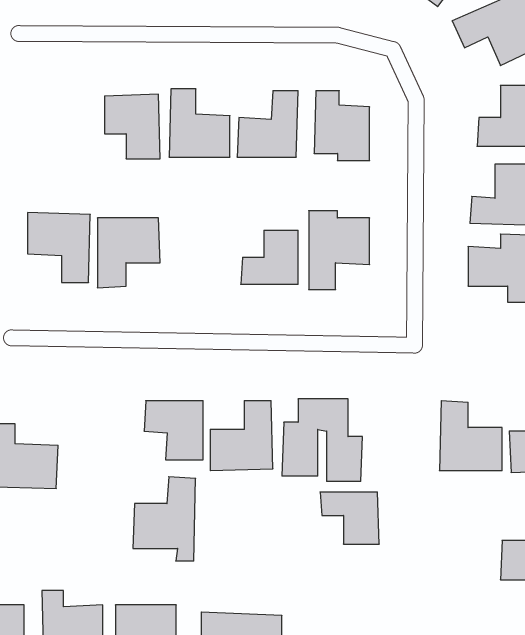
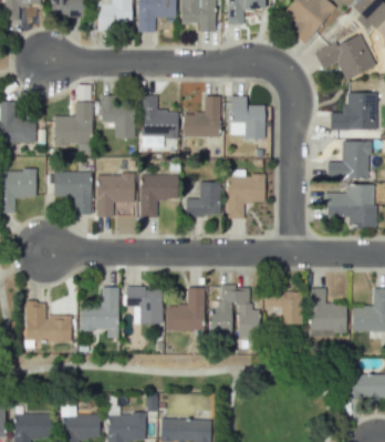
building: none -> [53,101,92,154]
building: none -> [139,174,178,217]
building: [133,477,196,561] -> [80,286,118,338]
building: [320,492,379,544] -> [266,291,302,323]

